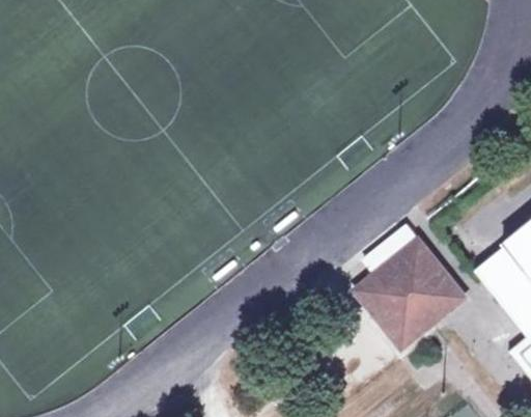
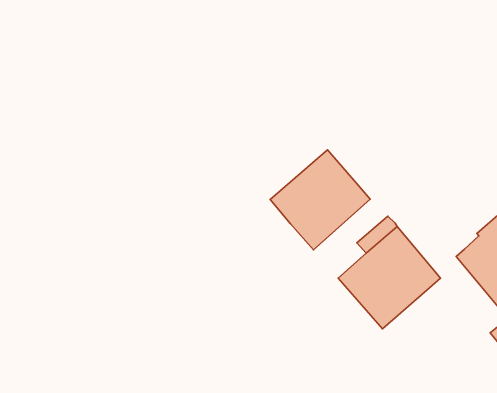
building: none -> [270,150,370,250]

